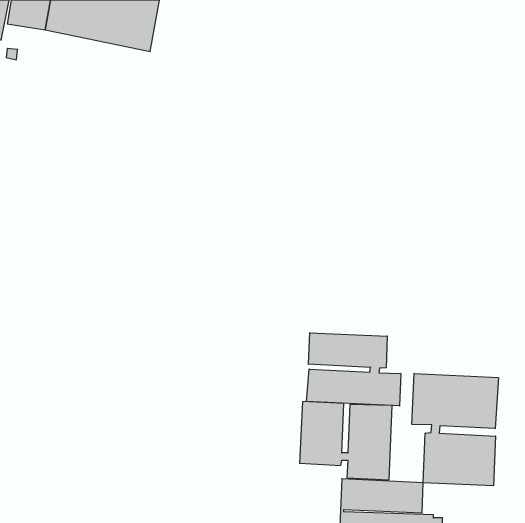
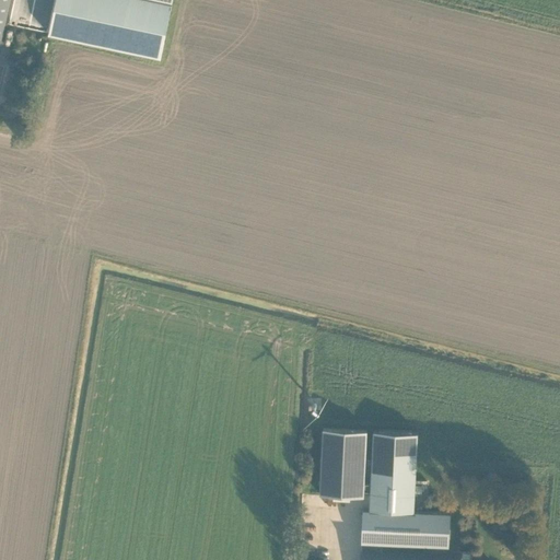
building: [307,333,401,406] -> none
building: [412,373,498,486] -> none

